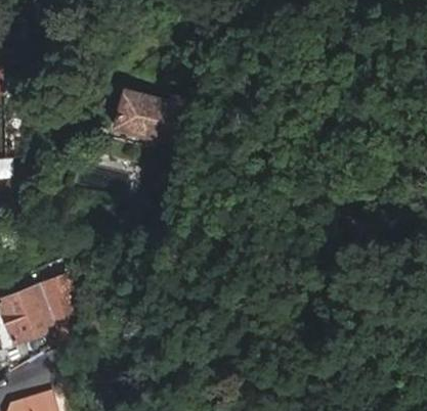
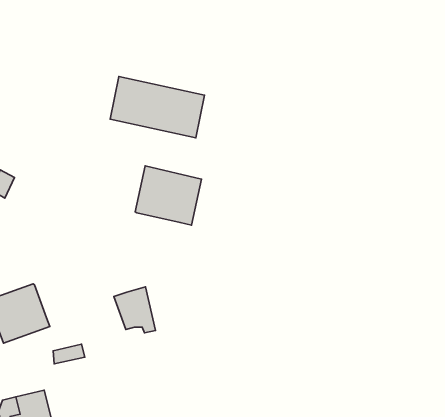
building: none -> [135,166,202,225]
building: [39,278,78,321] -> [114,287,155,333]

